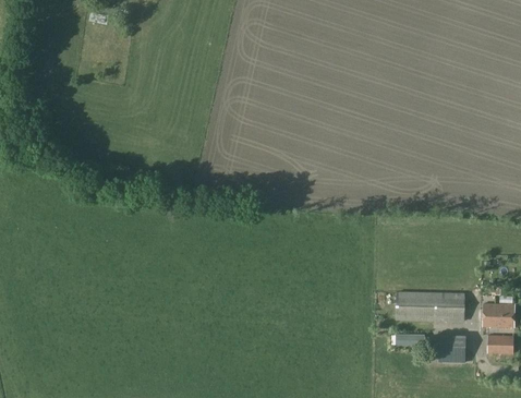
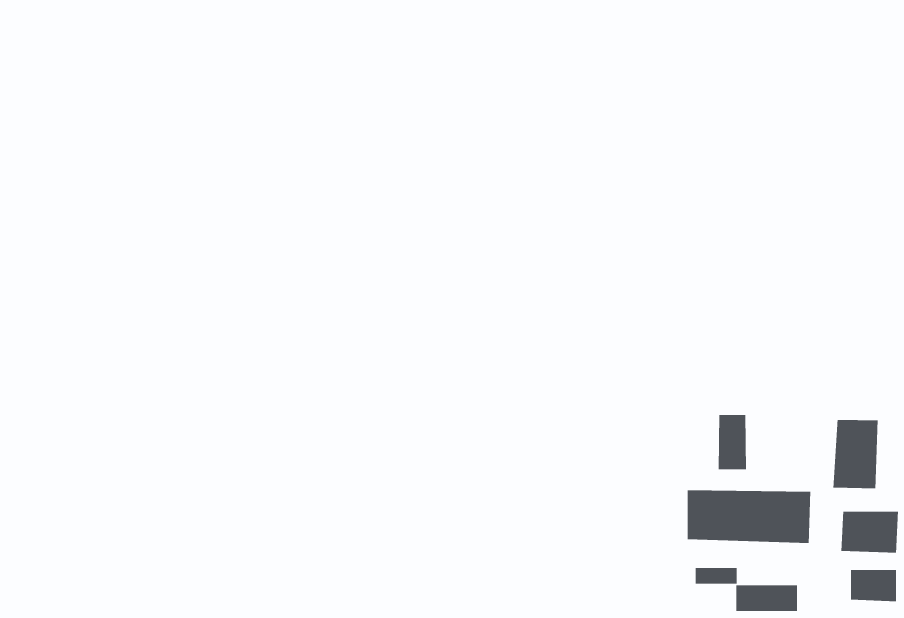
building: none -> [718,414,747,470]
building: none -> [833,419,878,489]

